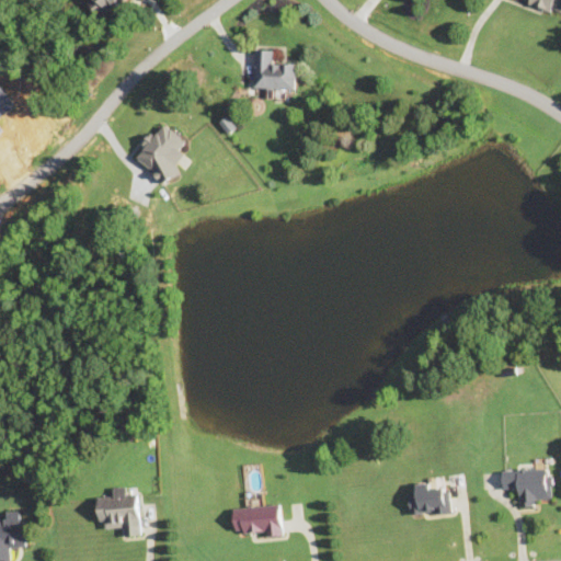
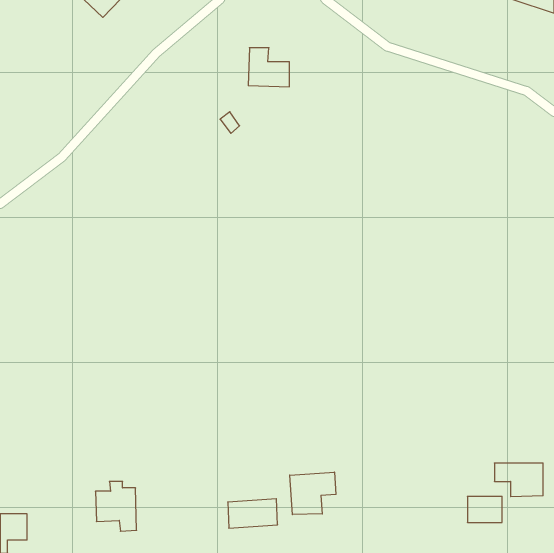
building: [138,122,187,180] -> none
building: none -> [290,472,336,515]
building: [413,485,448,512] -> [467,496,502,522]

